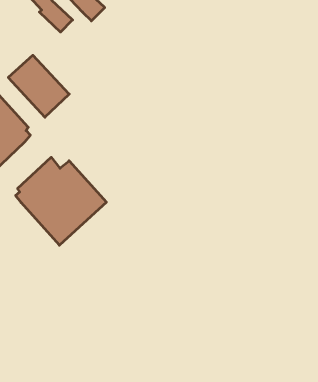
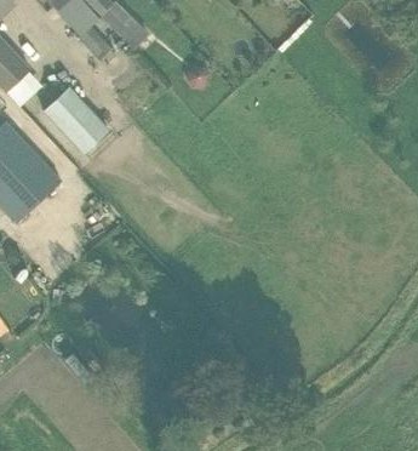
building: [16,157,106,245] -> none

